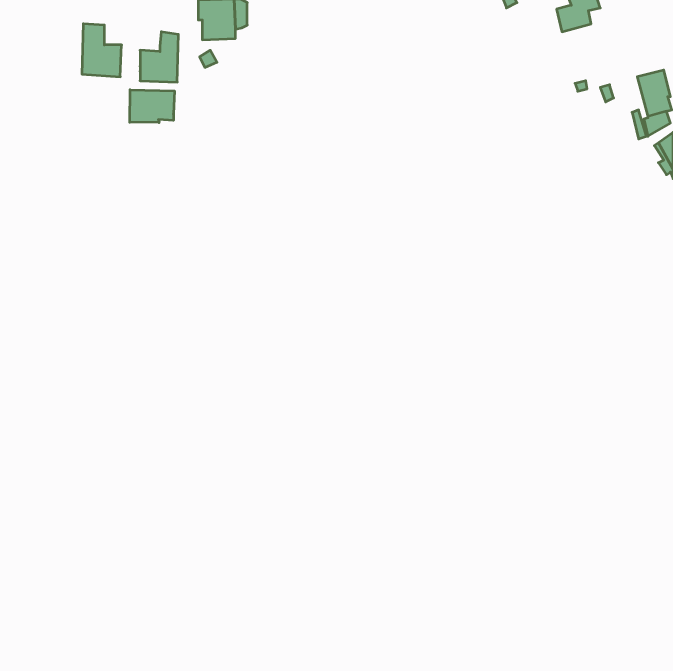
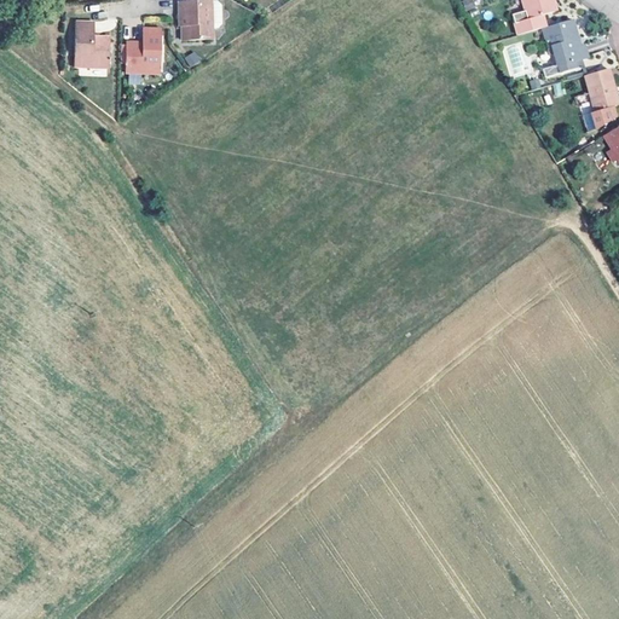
building: none -> [542,16,585,71]
building: [130,90,174,123] -> none

